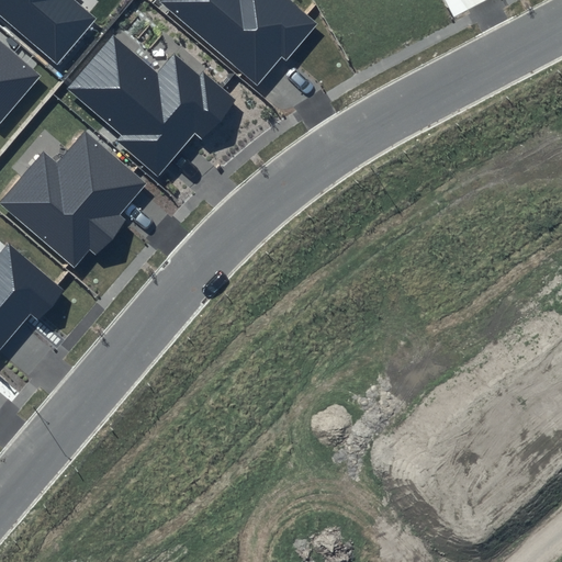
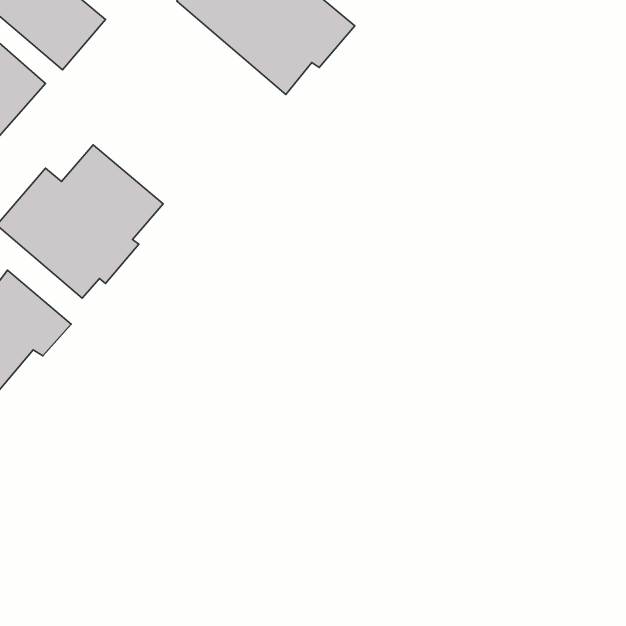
building: [66,34,234,176] -> none

